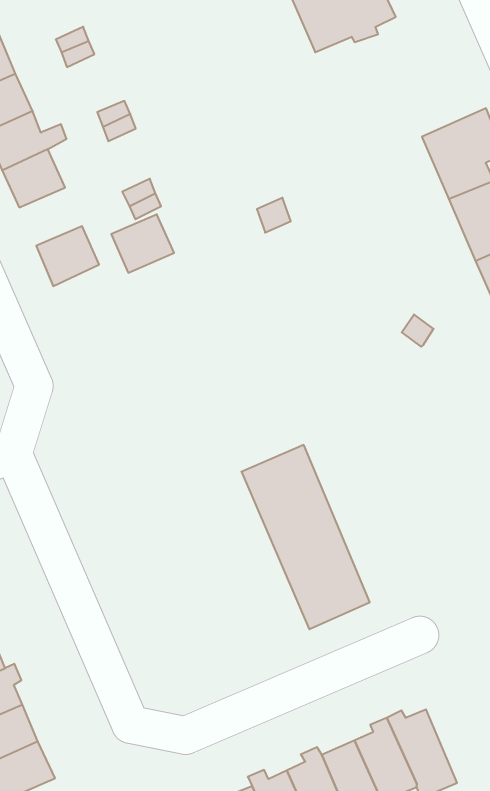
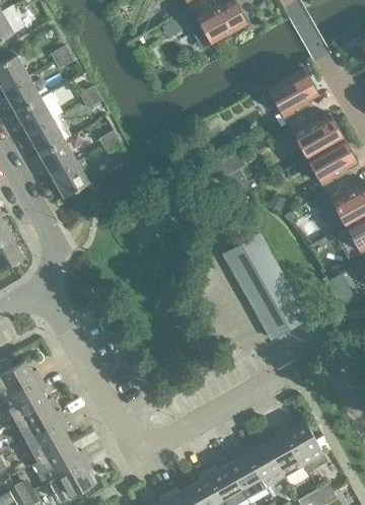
building: [111,214,174,273] -> [39,140,76,175]
building: [241,445,370,629] -> [223,233,305,340]

